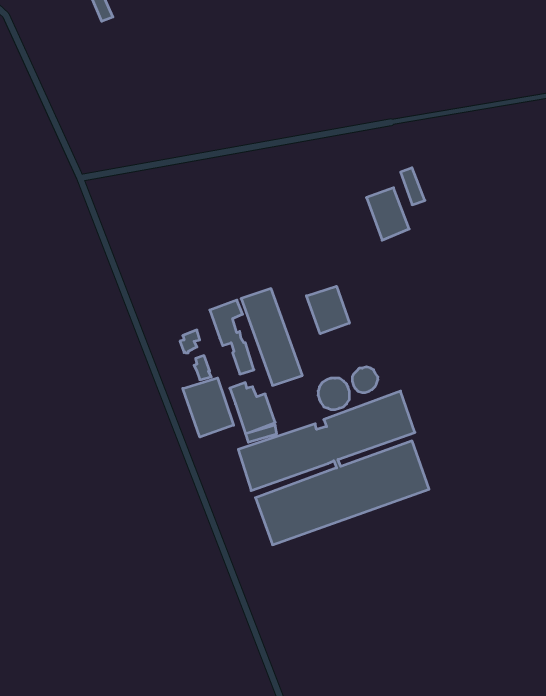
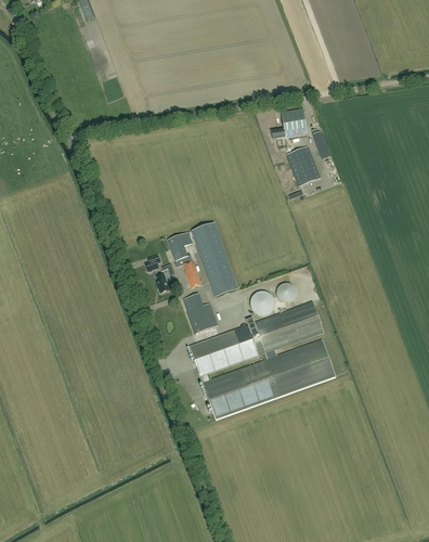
building: none -> [272,107,307,138]
building: [306,286,349,334] -> none
building: [183,378,234,437] -> none

